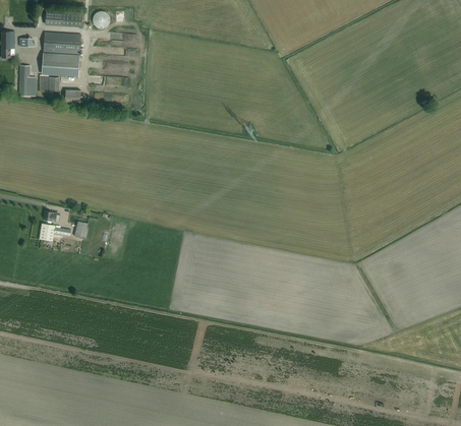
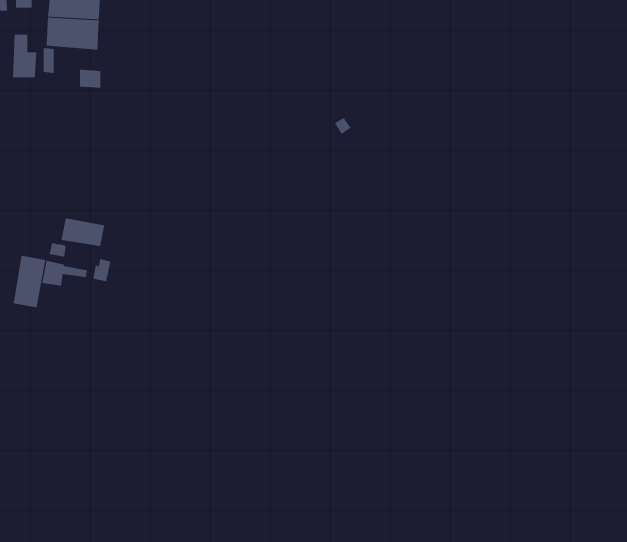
building: none -> [61,218,105,247]
building: none -> [13,255,46,308]

